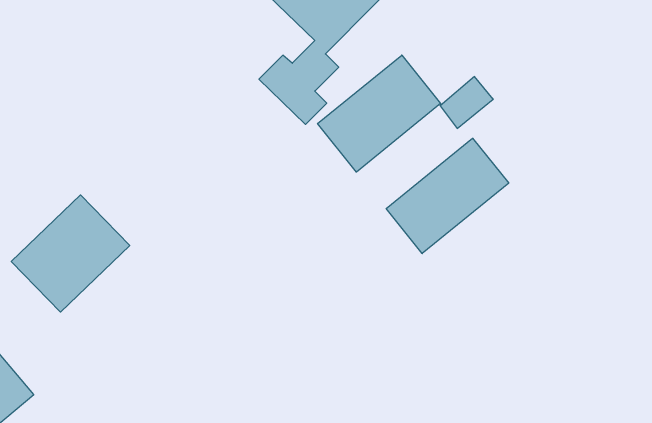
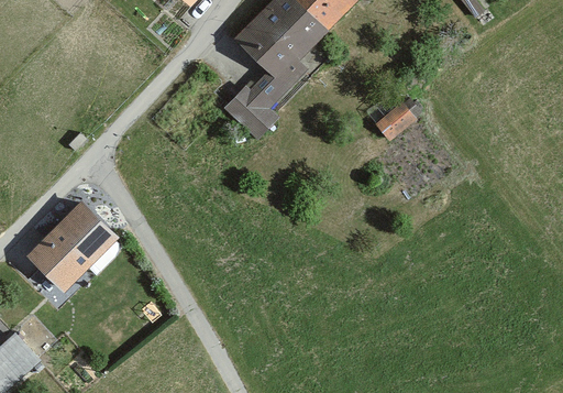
building: [318,55,441,172] -> none
building: [386,138,509,254] -> none

